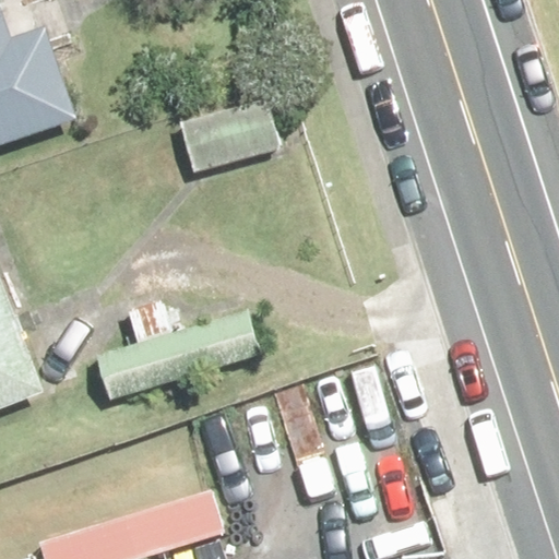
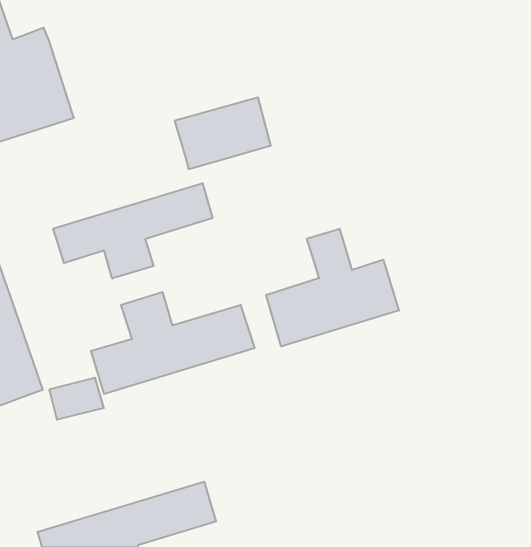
building: none -> [53,183,212,279]
building: none -> [266,229,399,346]

